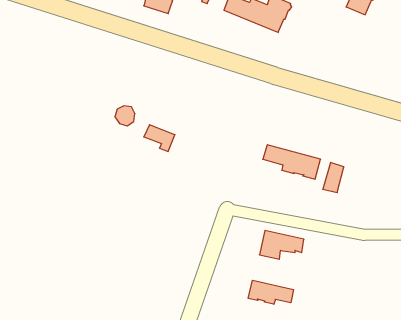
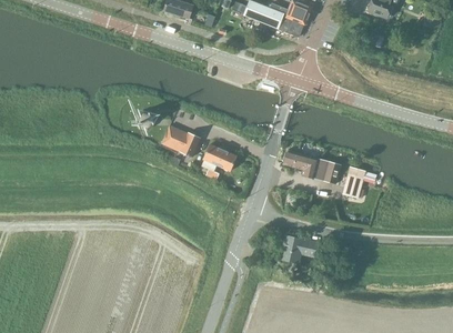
building: none -> [200,143,235,179]
building: [248,280,293,304] -> none

